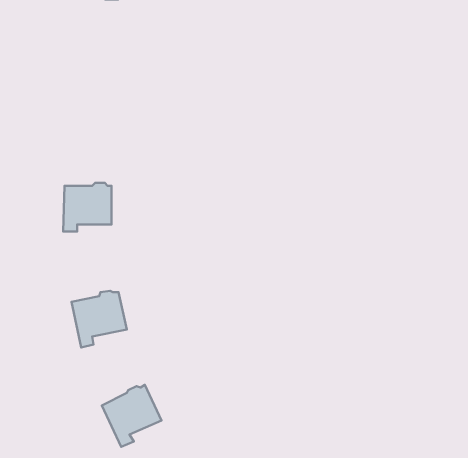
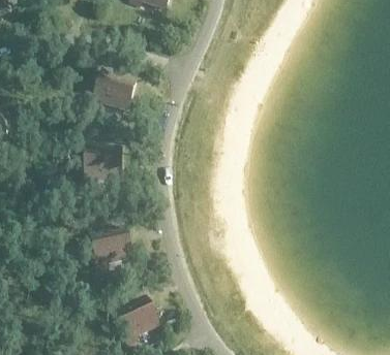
building: none -> [91,71,136,109]

